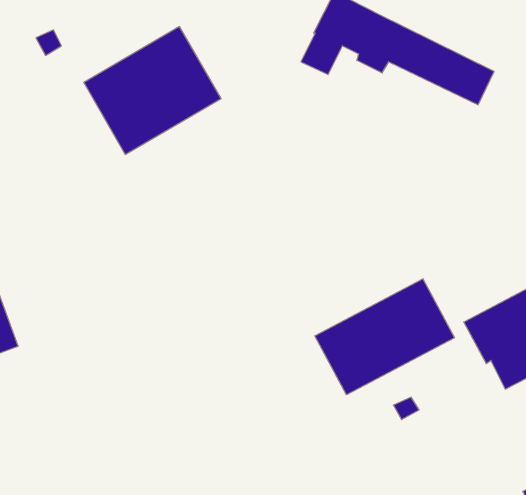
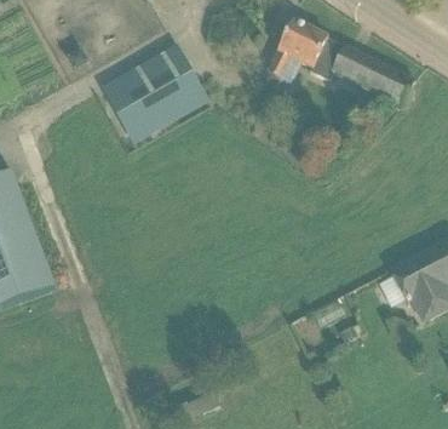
building: [315,279,454,395] -> none

